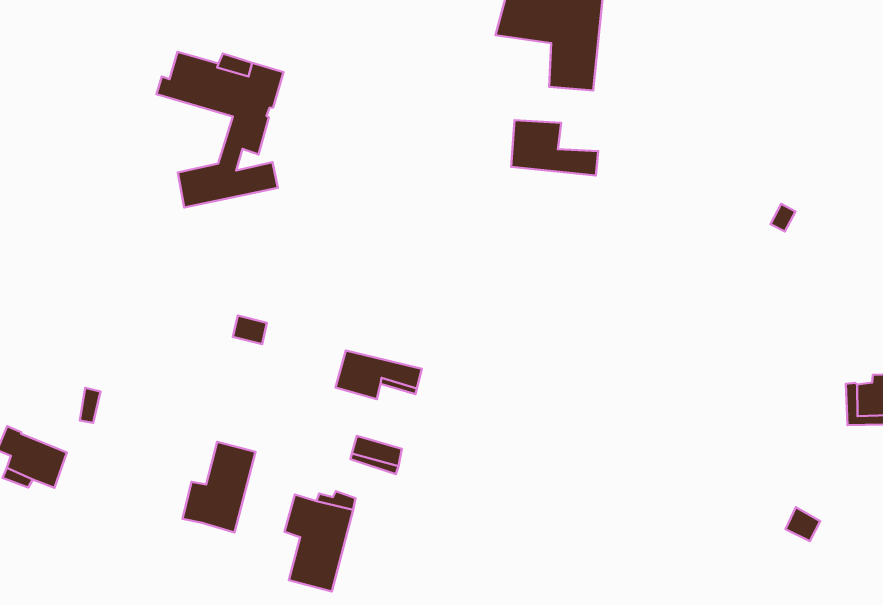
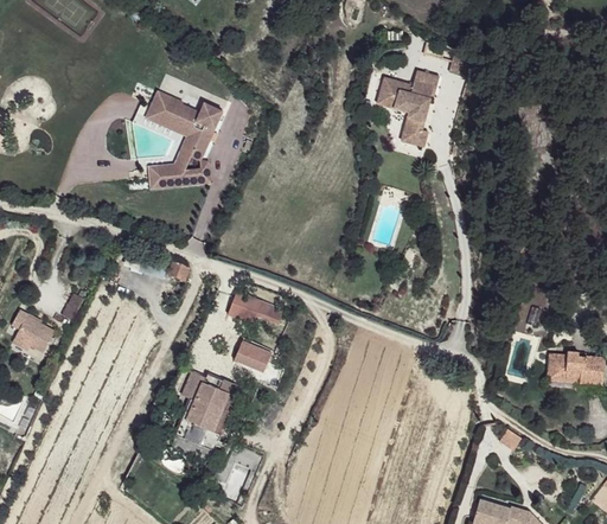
building: [511,120,598,176] -> none
building: [182,442,256,533] -> none

